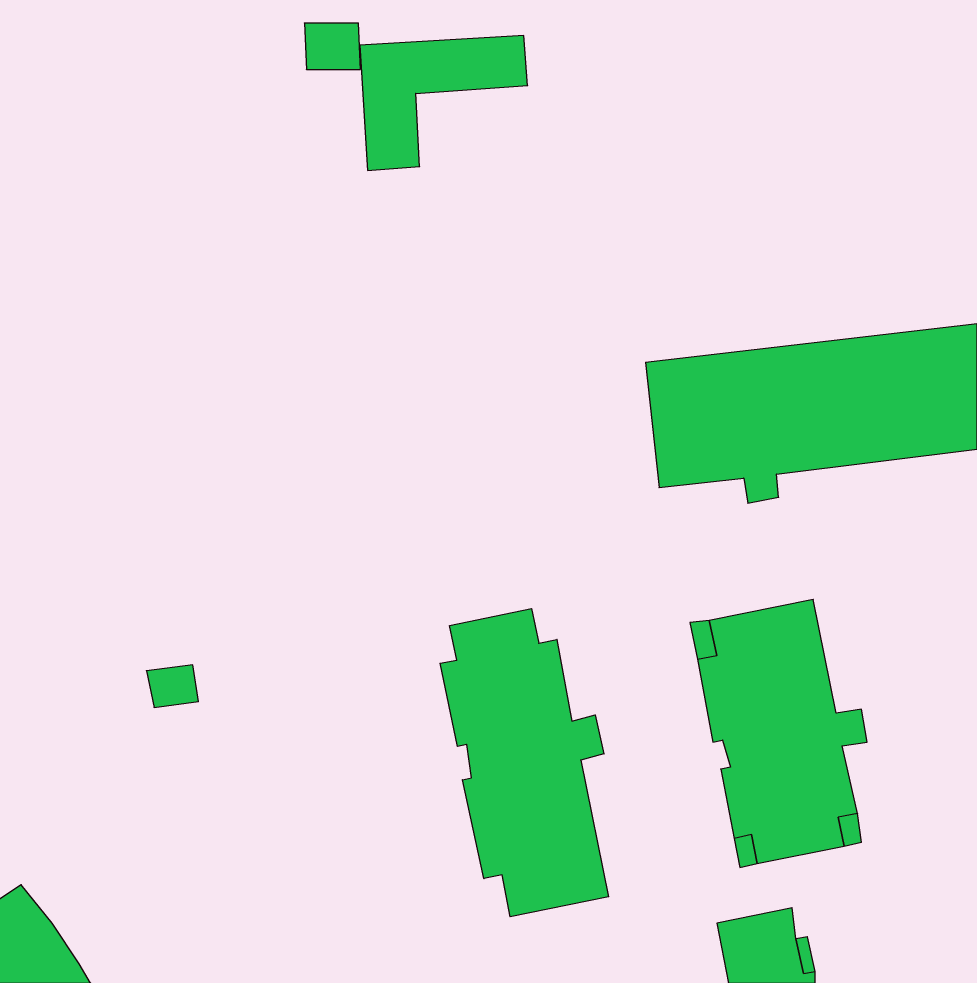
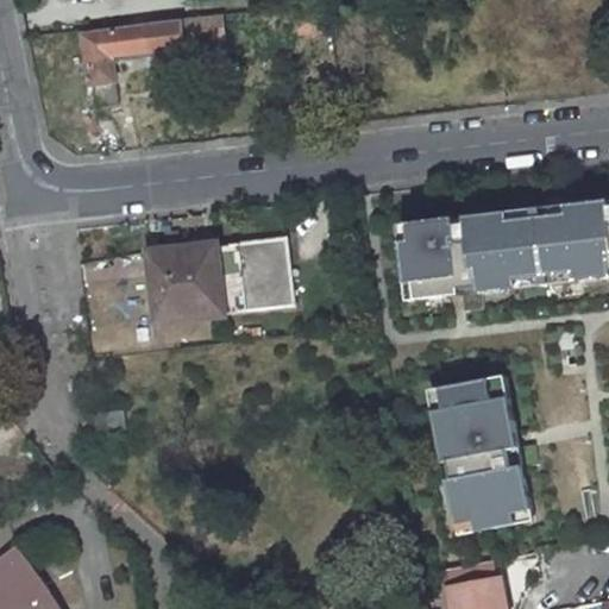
building: [360,36,528,170] -> [81,21,184,105]
building: none -> [149,238,290,320]
building: [440,609,609,917] -> none

